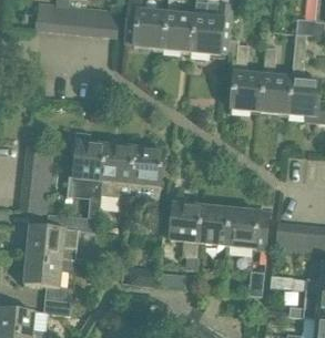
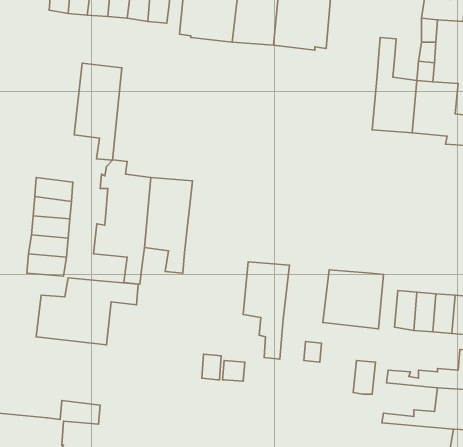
building: [232,44,264,111] -> none
building: [130,146,163,214] -> [74,63,122,160]
building: [199,205,231,245] -> none
building: [23,255,75,303] -> none

